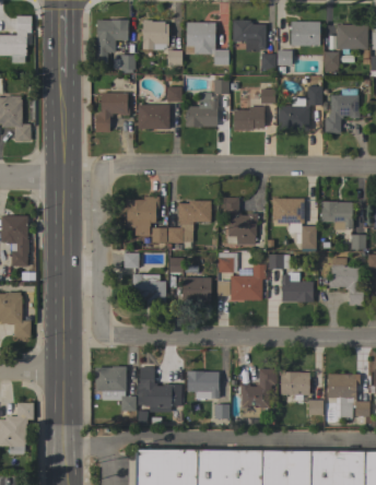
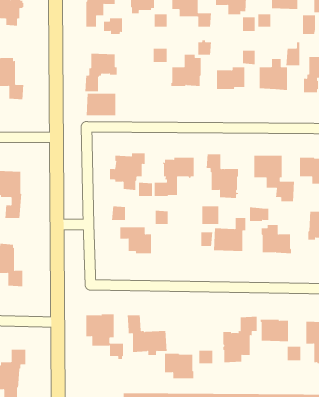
building: [137,105,168,129] -> [86,93,116,116]
building: [181,277,210,301] -> none
building: [187,370,219,398] -> [164,353,194,379]

